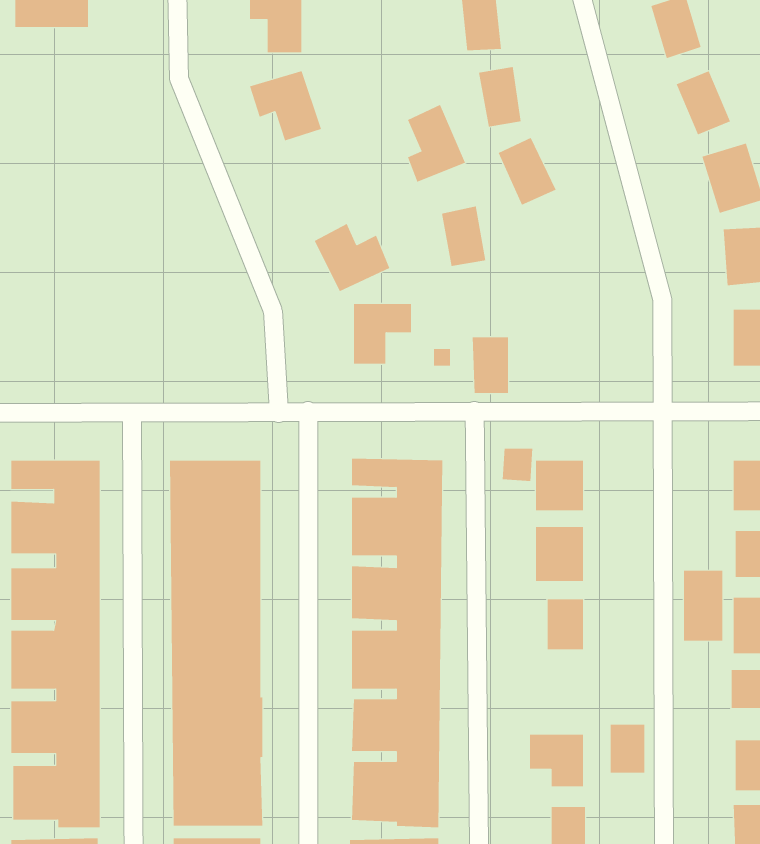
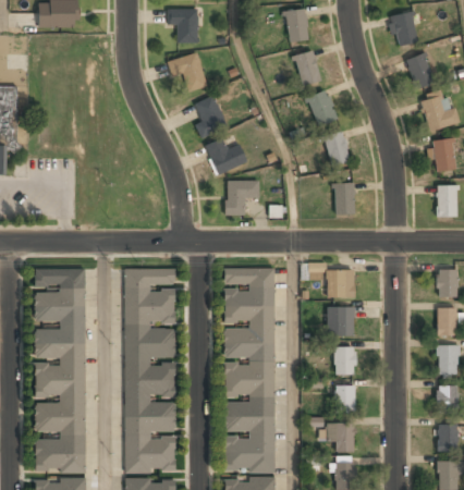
building: [407,104,466,182] -> [195,95,228,138]
building: [441,206,486,266] -> [325,131,350,164]
building: [472,337,509,394] -> [333,182,354,213]
building: [683,570,723,641] -> none
building: [610,724,645,773] -> [334,385,354,413]

